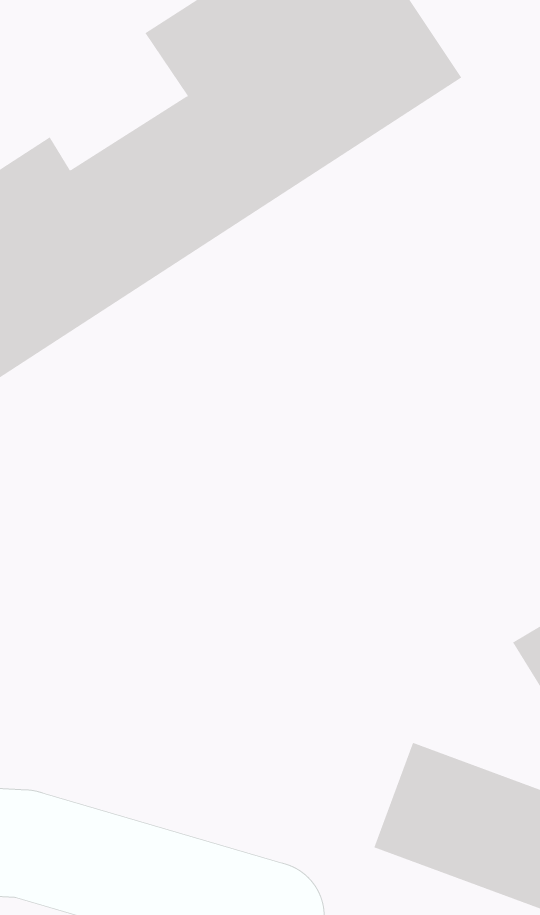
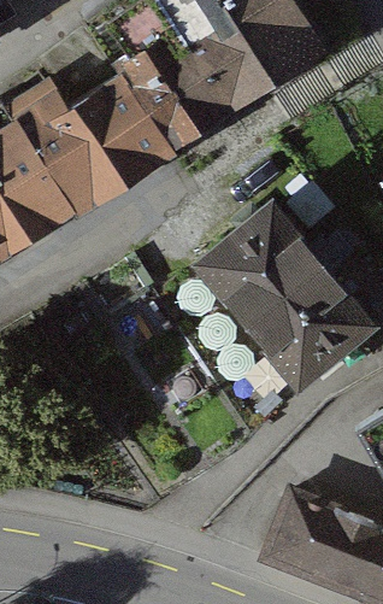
building: none -> [202,209,369,383]

